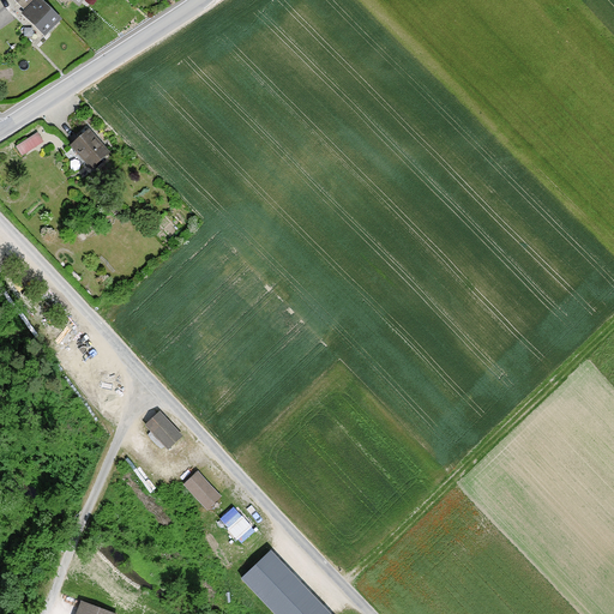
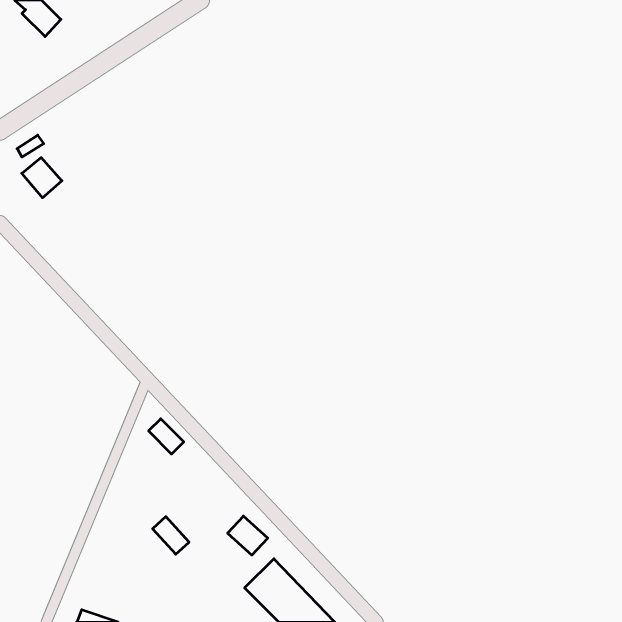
building: [70,130,109,169] -> [22,158,62,198]
building: [185,471,221,508] -> [153,517,189,554]

